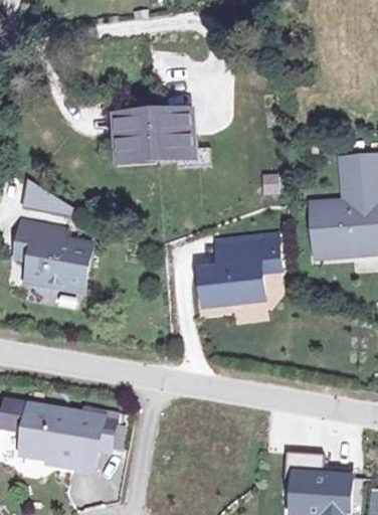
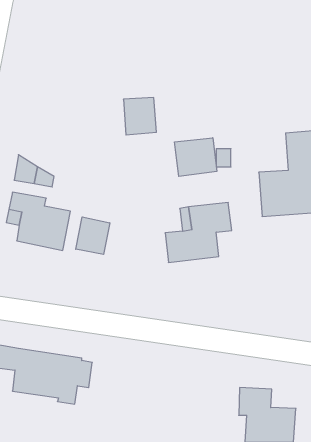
building: [119,116,156,160] -> none
building: none -> [175,138,217,176]
building: none -> [76,217,110,254]

